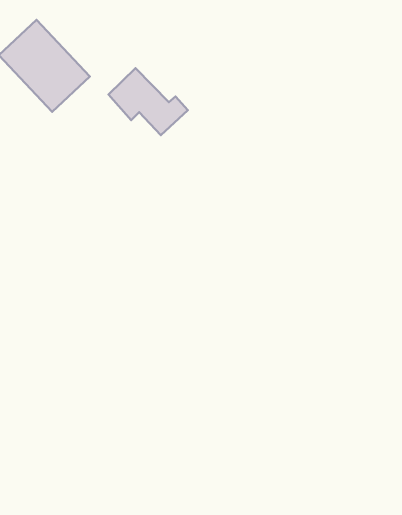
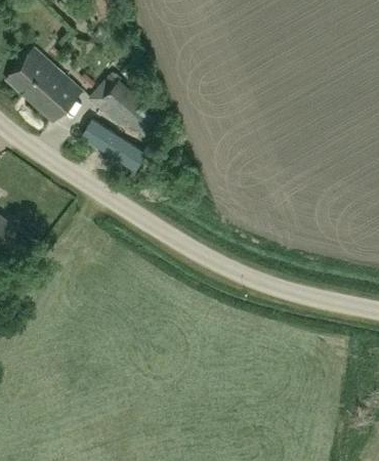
building: none -> [82,119,146,170]

